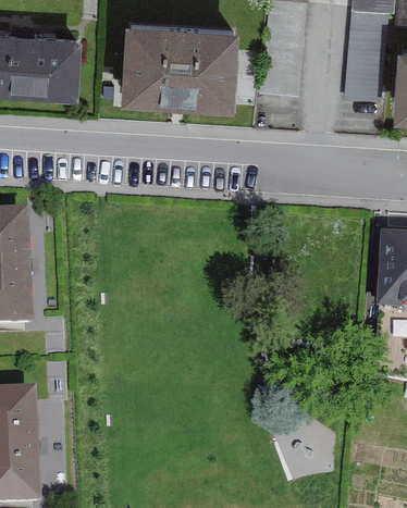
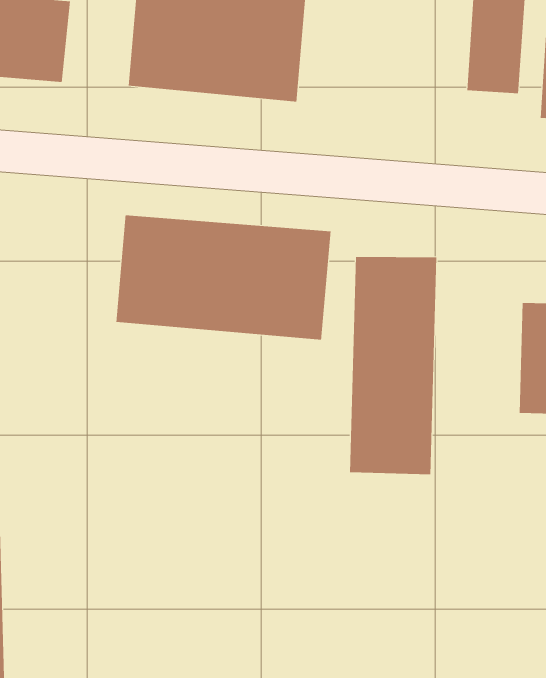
building: none -> [116,214,331,340]
building: none -> [350,256,437,475]

